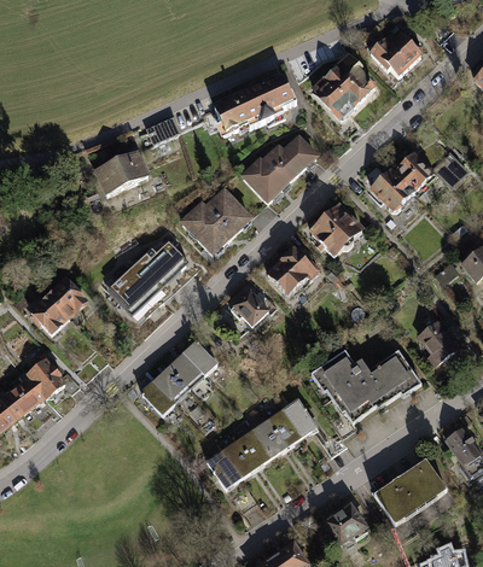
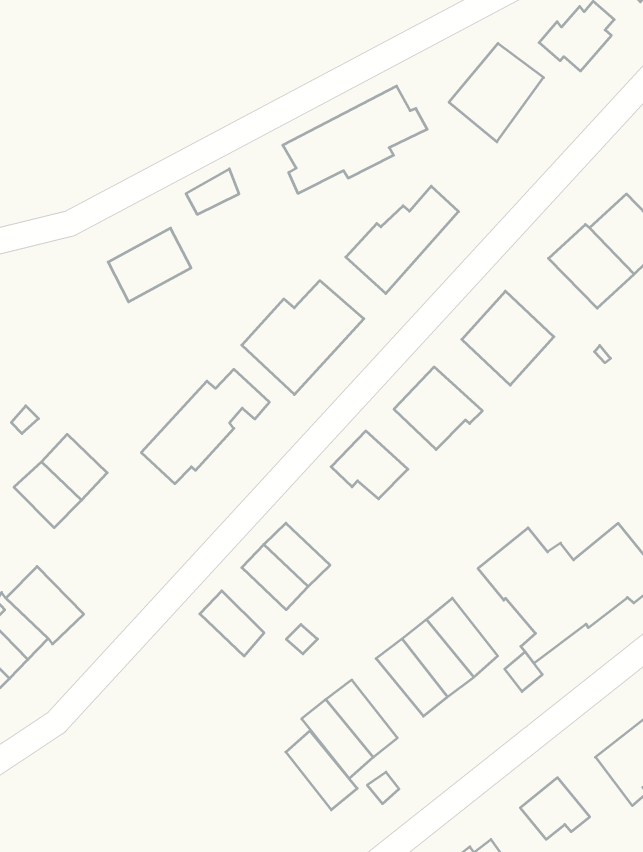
building: [152,362,191,403] -> none
building: [228,423,270,473] -> [286,731,357,810]

